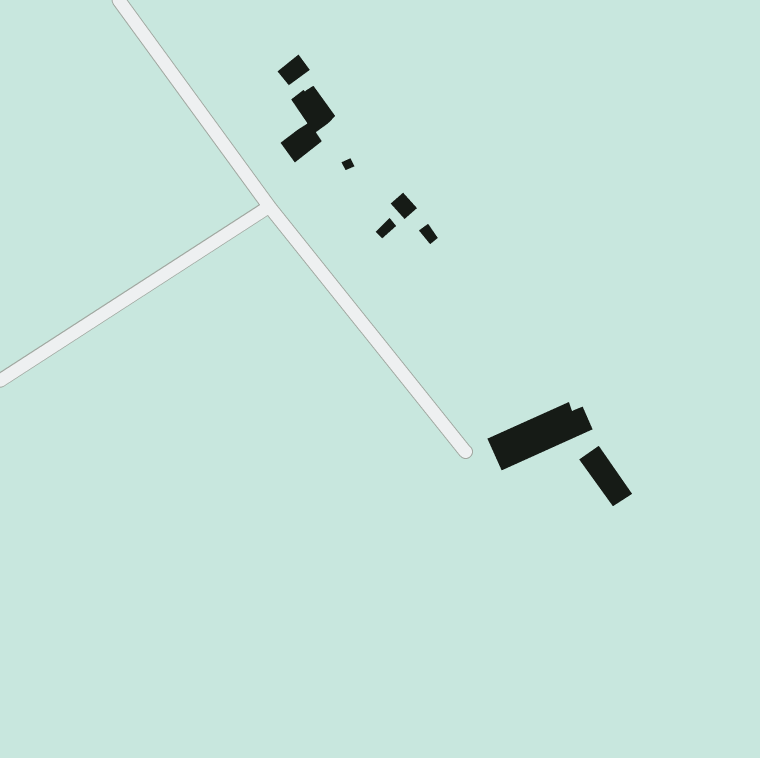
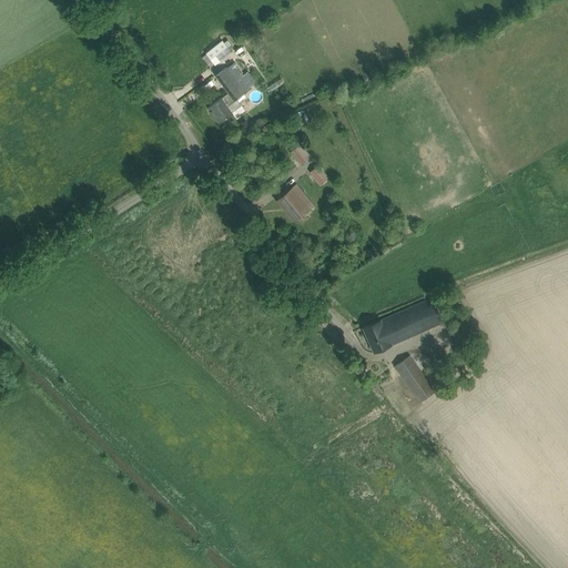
building: none -> [277,185,313,219]
building: [578,445,633,507] -> [393,356,434,403]

